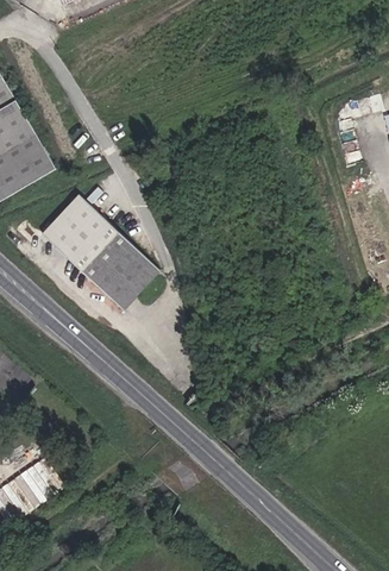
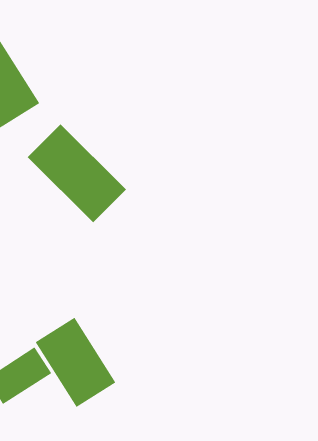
building: none -> [35,317,116,408]

